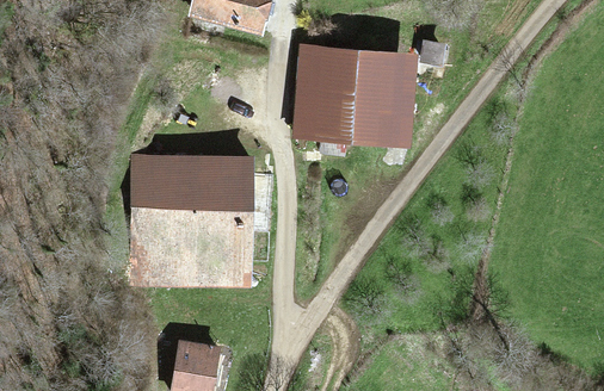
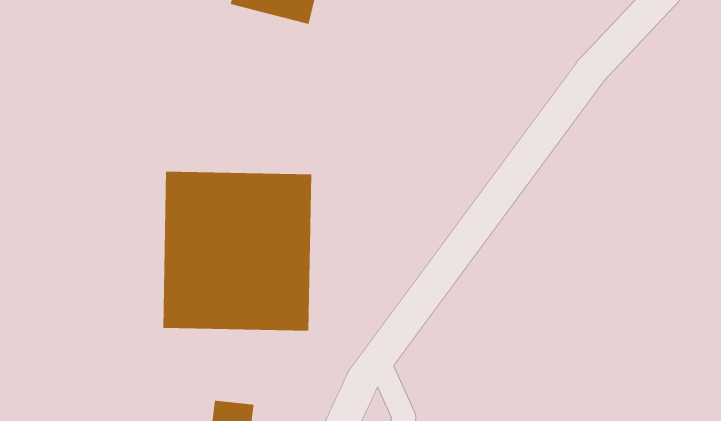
building: [292,44,413,142] -> none

